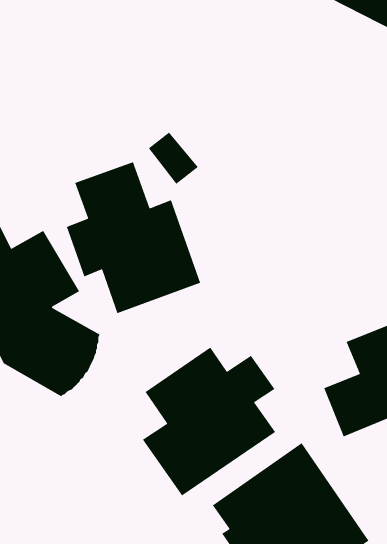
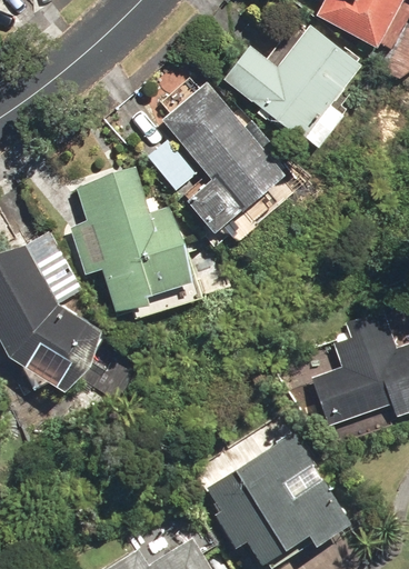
building: none -> [221,24,362,150]
building: none -> [158,81,285,232]
building: [142,346,276,496] -> none

